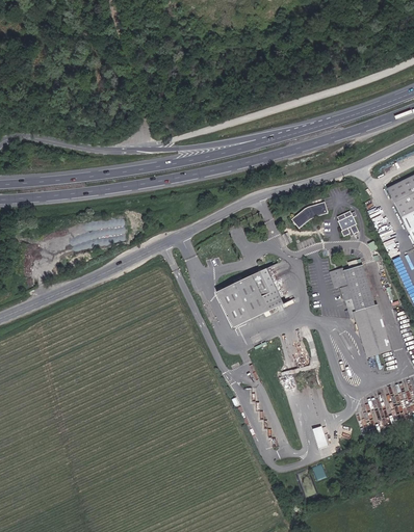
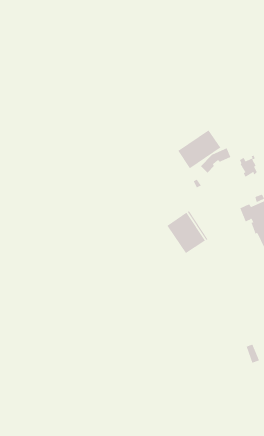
building: none -> [178,130,221,169]
building: [218,278,263,326] -> none

